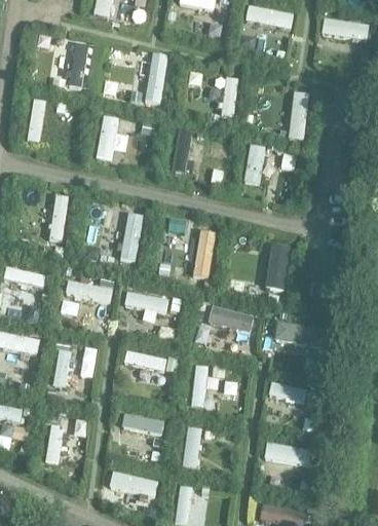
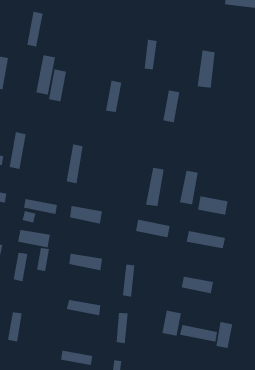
building: [143,54,168,106] -> [36,55,56,95]
building: [191,229,216,279] -> [145,167,165,206]
building: none -> [197,195,228,216]
building: none -> [18,229,50,248]
building: none -> [162,310,181,337]
building: none -> [216,321,233,349]

